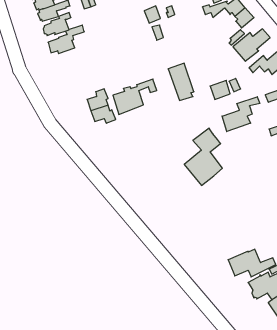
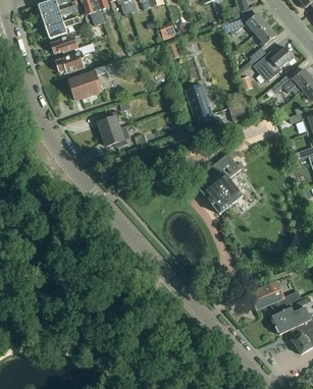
building: [113,79,157,114] -> [69,62,116,100]
building: [222,97,260,132] -> none

